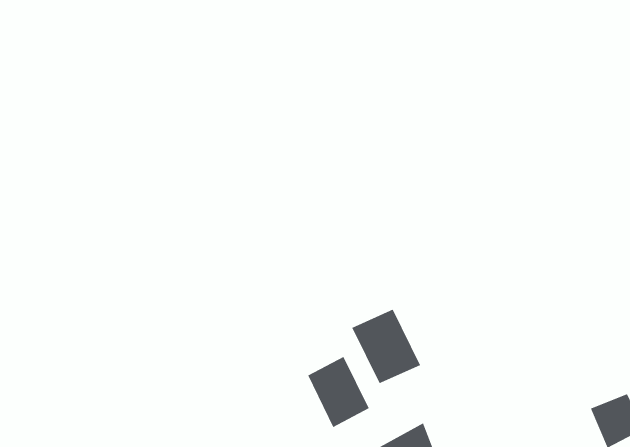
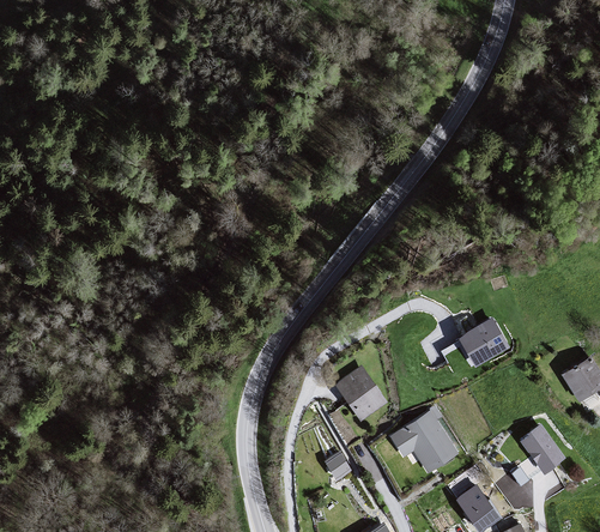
building: [351,309,421,384] -> none
building: none -> [455,315,509,367]

